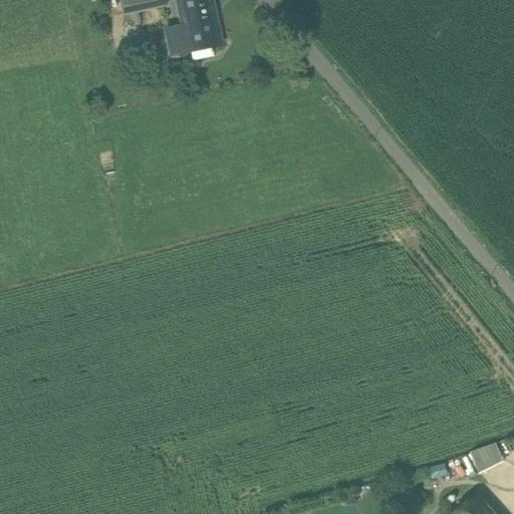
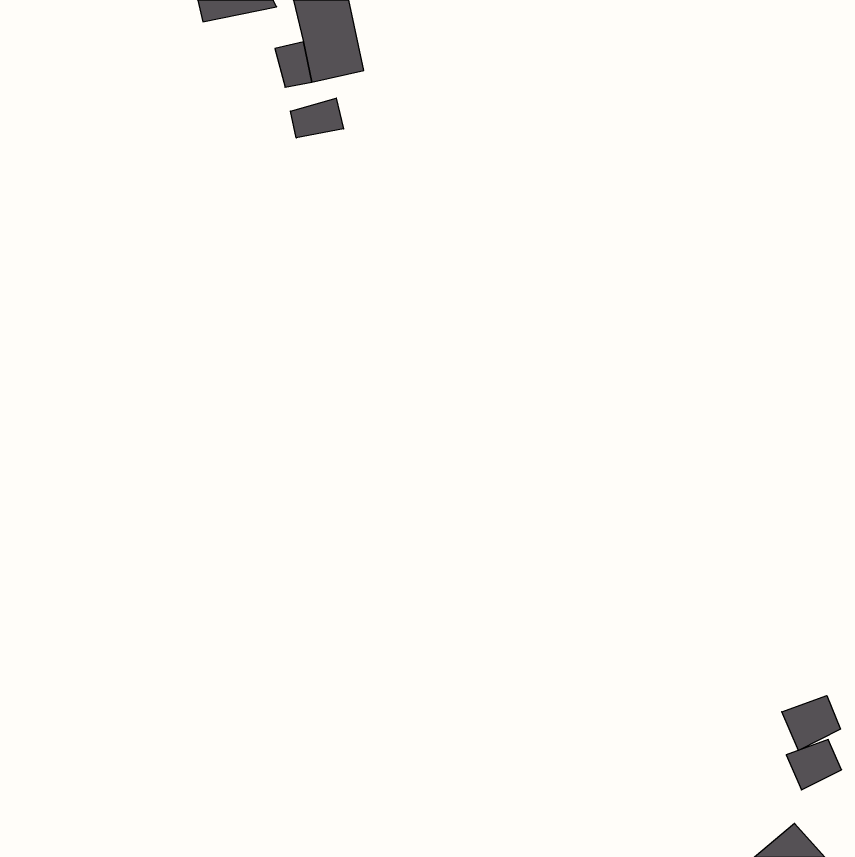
building: none -> [290,98,344,138]
building: none -> [782,696,841,750]

